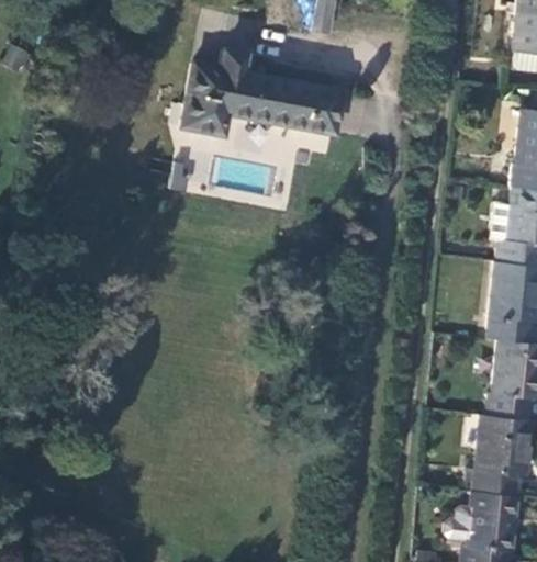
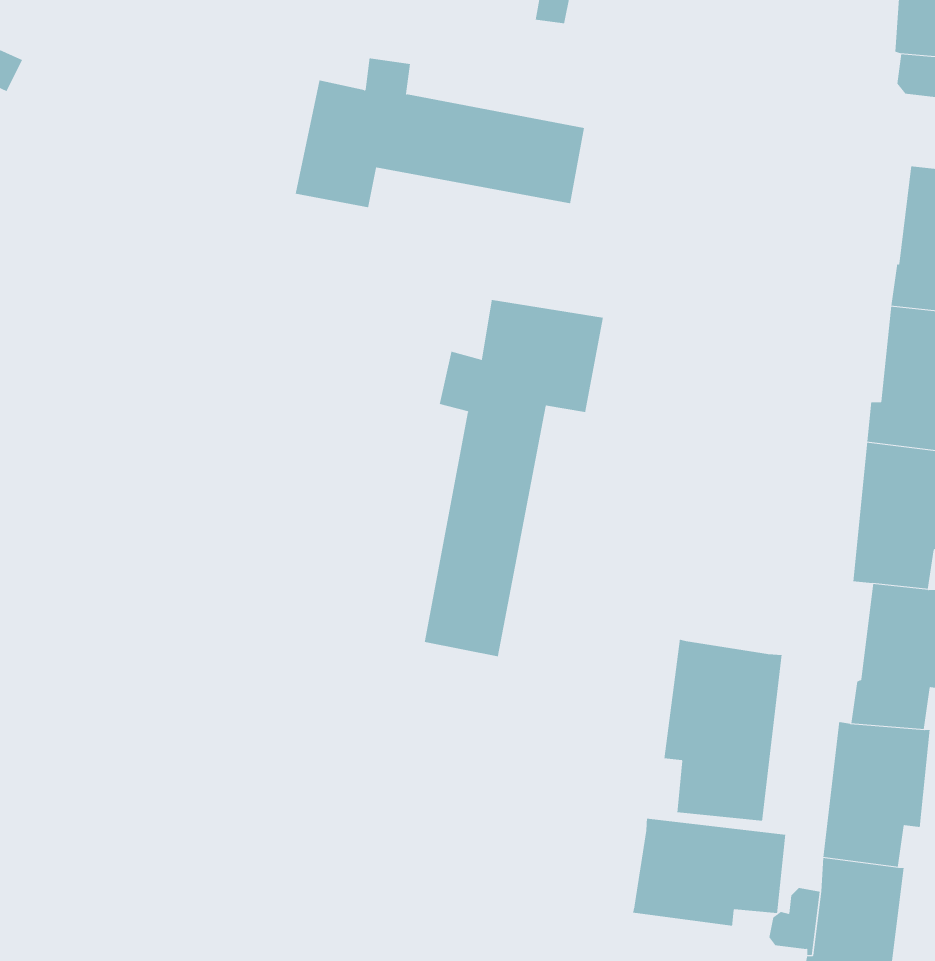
building: none -> [424,299,604,657]
building: none -> [664,639,782,822]
building: none -> [632,818,786,927]

